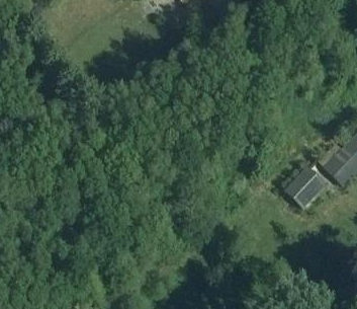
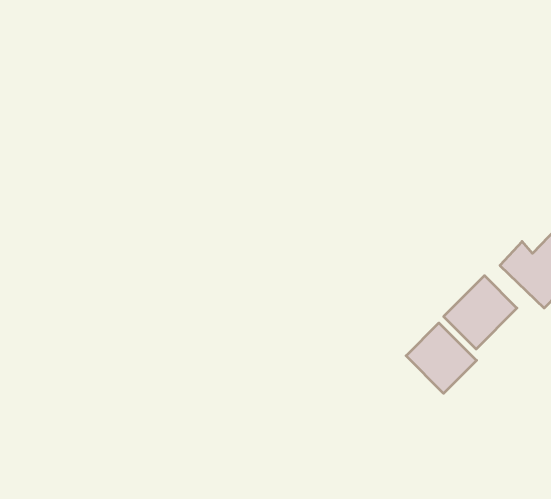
building: none -> [406,323,477,393]

